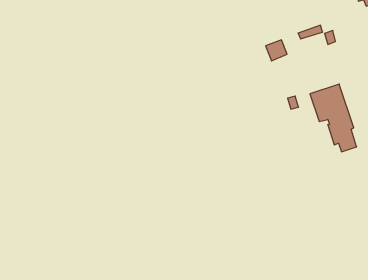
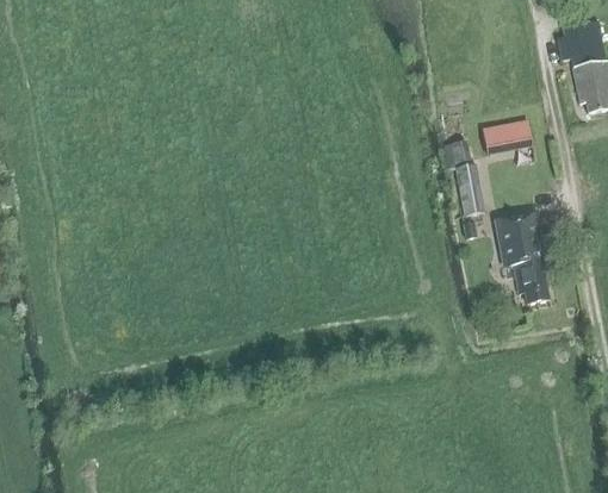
building: none -> [454,163,483,213]

